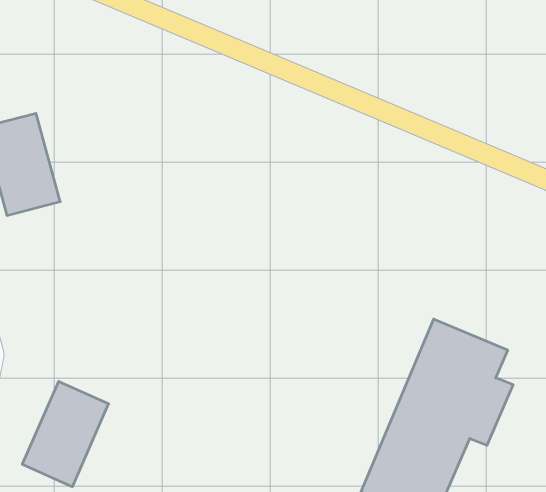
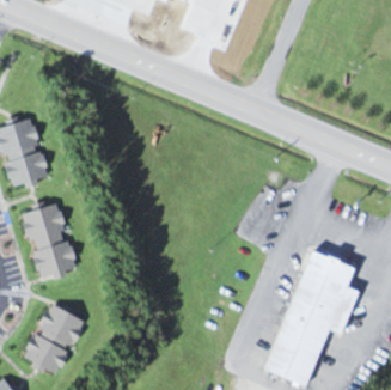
building: none -> [23,200,74,275]

